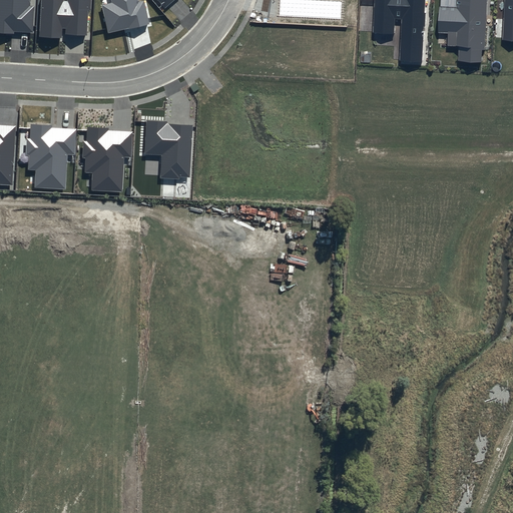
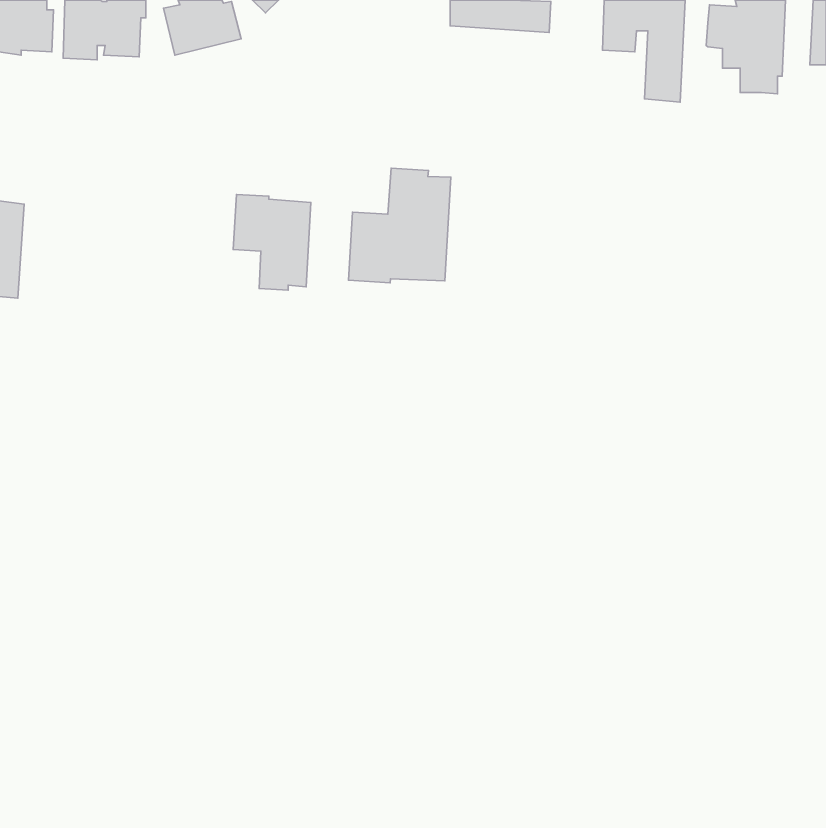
building: none -> [349,168,451,283]
building: [25,124,75,190] -> none
building: [82,127,132,192] -> none

